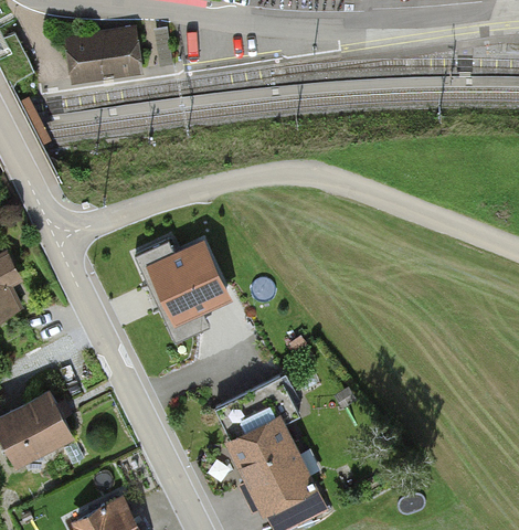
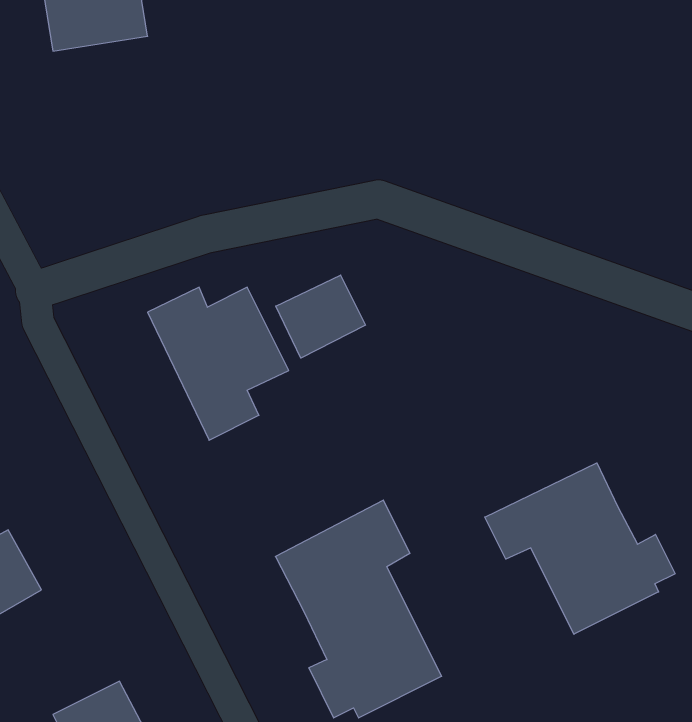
building: none -> [276,275,365,358]
building: none -> [485,463,675,634]

